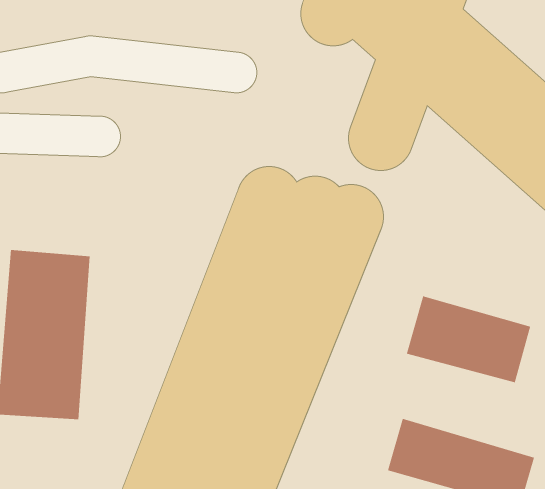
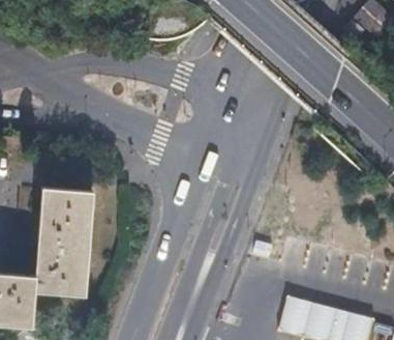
building: [406,296,531,383] -> none

